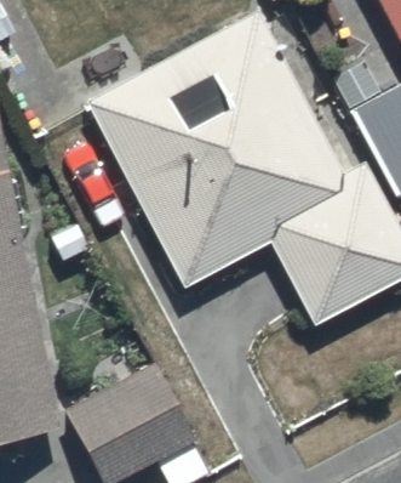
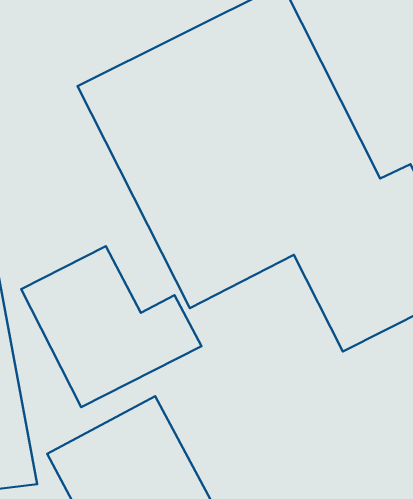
building: none -> [21,246,201,407]

